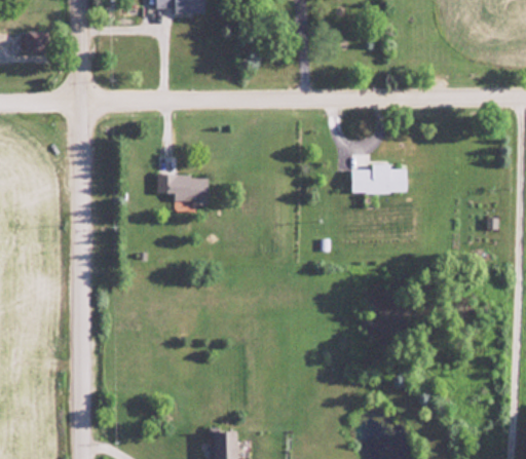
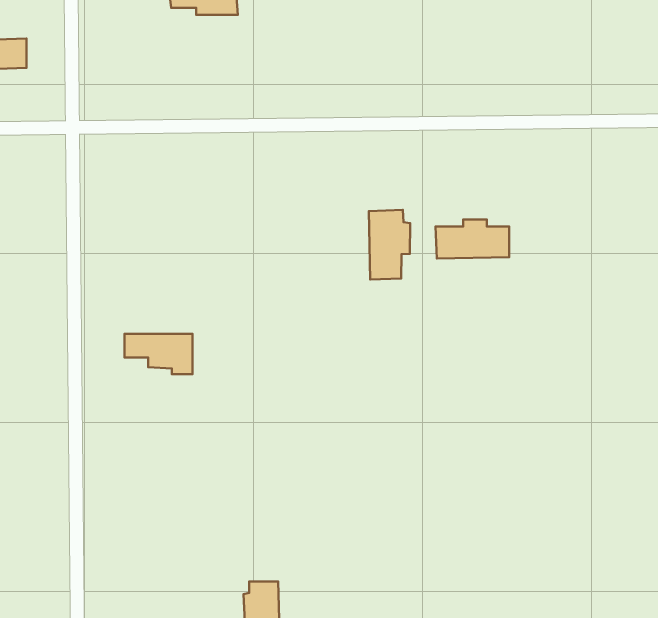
building: none -> [369,210,410,280]
building: [157,176,208,205] -> [124,334,193,374]

